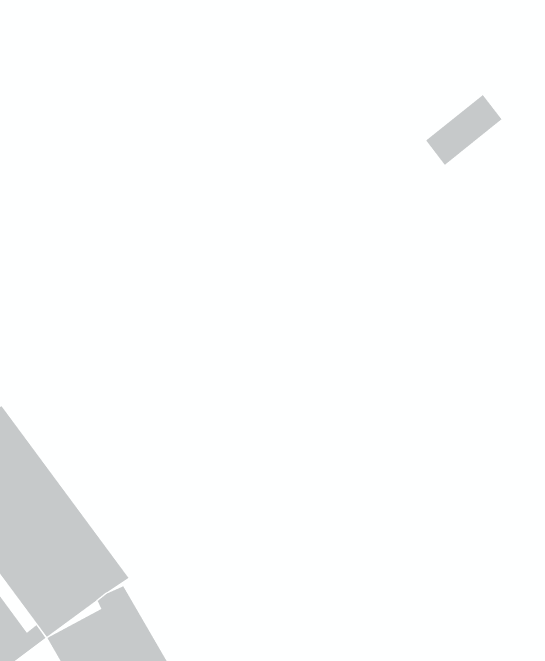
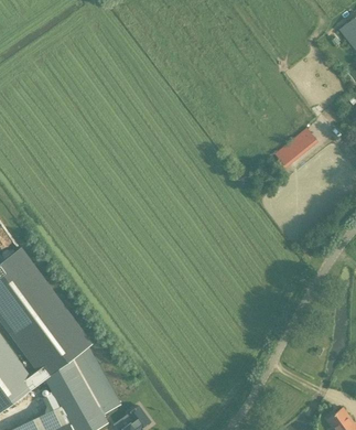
building: [425,94,503,166] -> [274,127,319,168]

